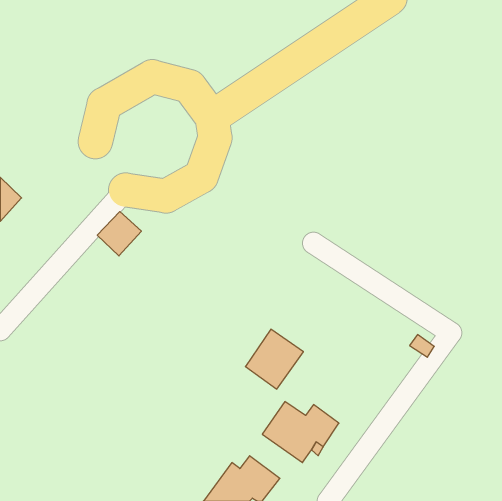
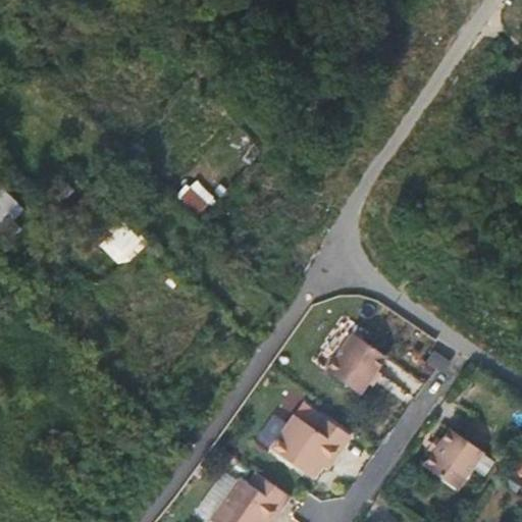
building: [245,329,303,389] -> [326,327,386,389]
building: none -> [421,428,480,489]

